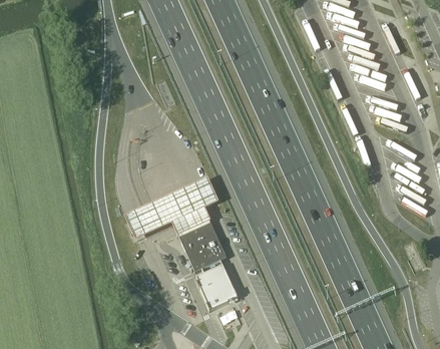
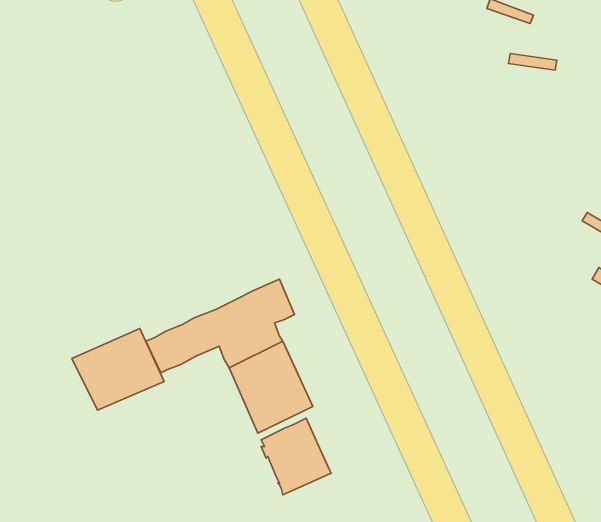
building: none -> [72,328,164,410]

